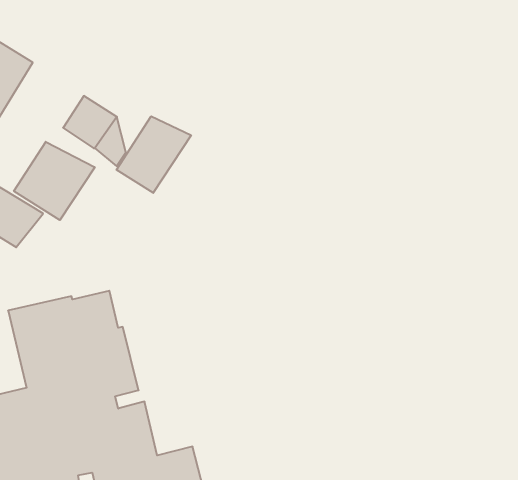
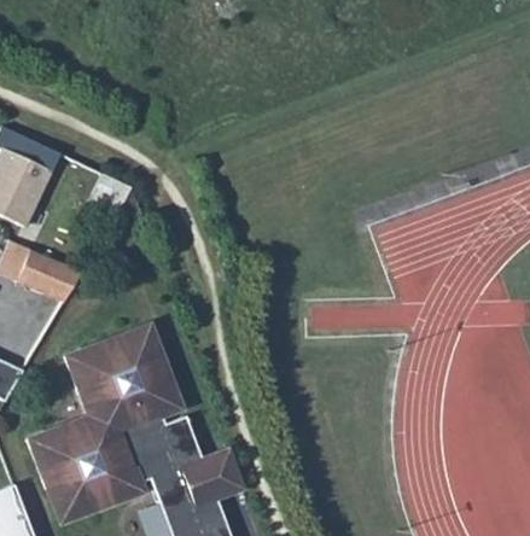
building: [117,116,191,193] -> none
building: [14,142,95,220] -> none

